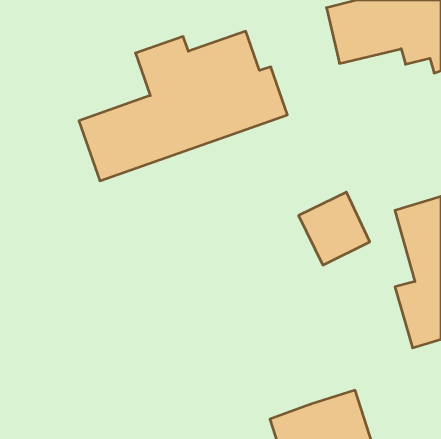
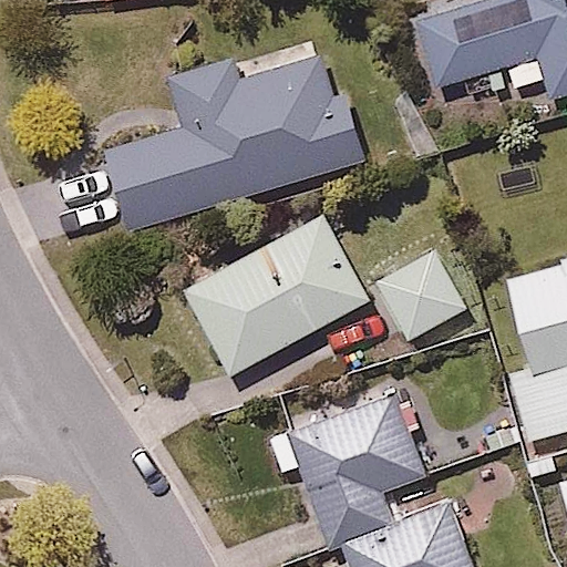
building: none -> [182,210,379,381]
building: none -> [271,384,434,544]

